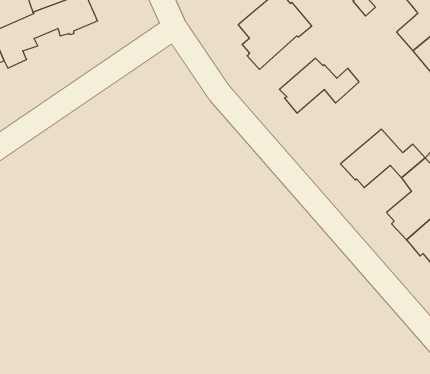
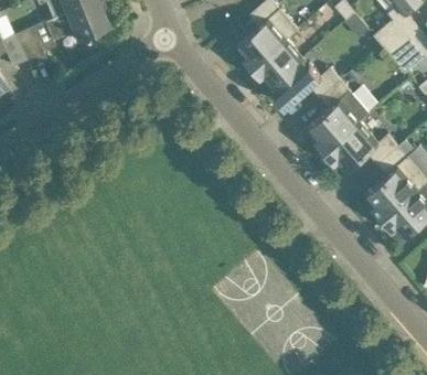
building: none -> [253,40,302,87]
building: none -> [308,81,370,153]

